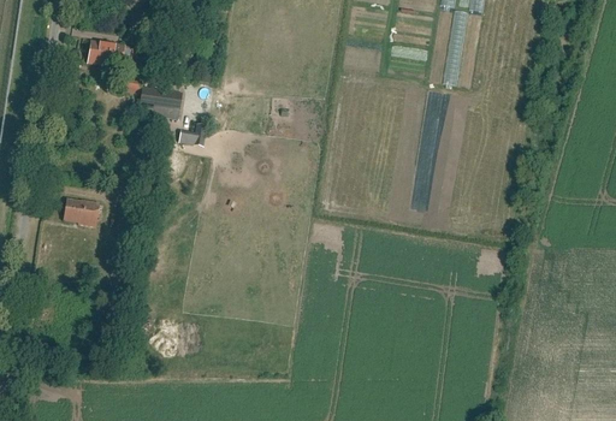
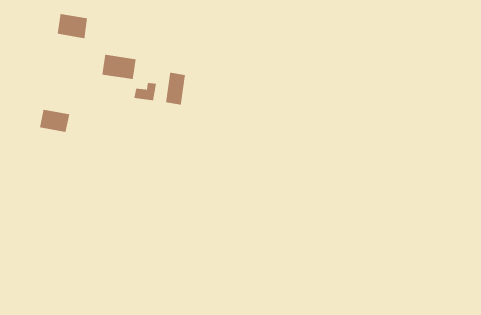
building: none -> [165,72,185,105]
building: [58,197,96,226] -> [39,109,70,133]

